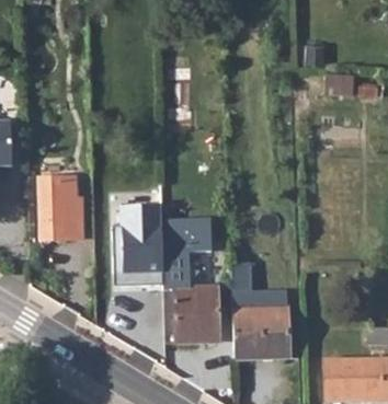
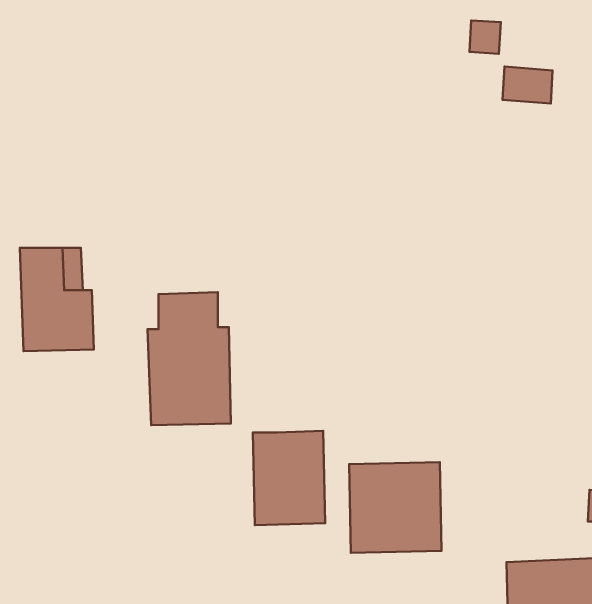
building: [164,217,208,288] -> none
building: [232,266,287,307] -> none

